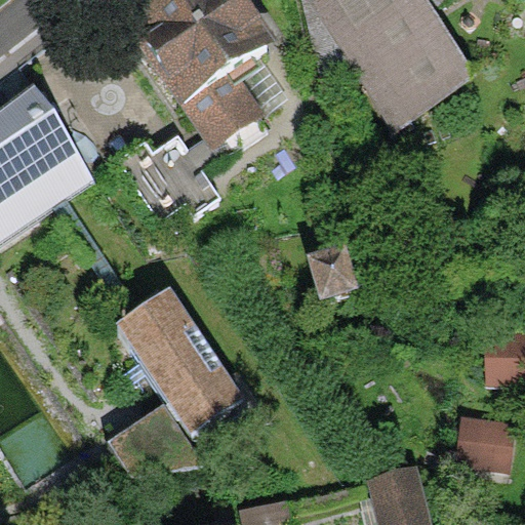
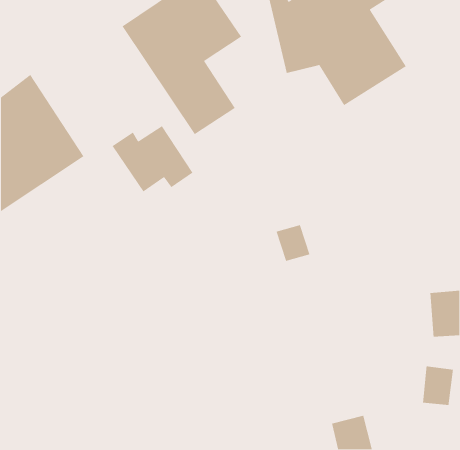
building: [109,295,243,478] -> none

